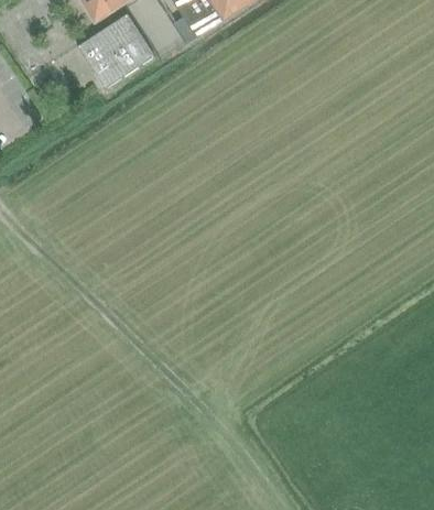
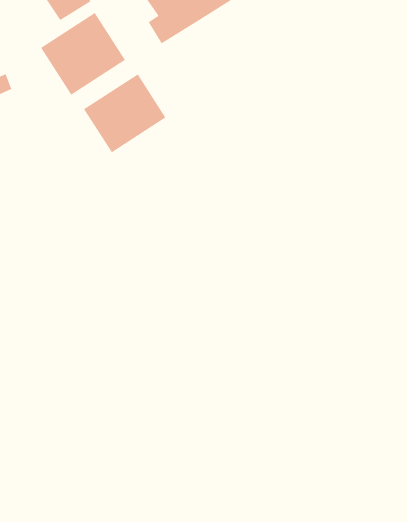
building: none -> [83,74,166,153]

